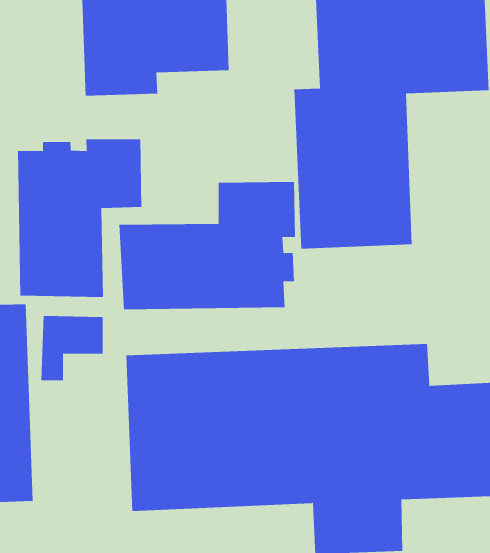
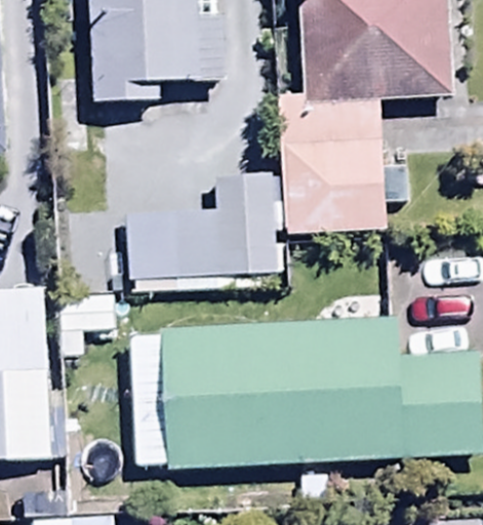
building: [17,138,142,298] -> none

